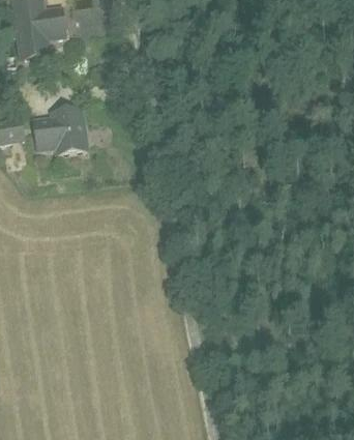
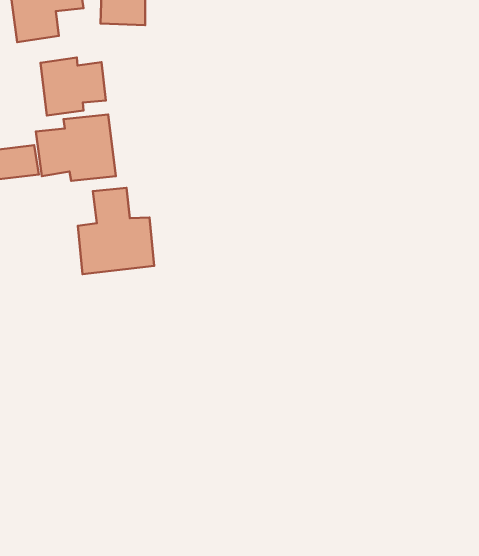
building: none -> [40,58,106,116]
building: none -> [78,188,154,274]

